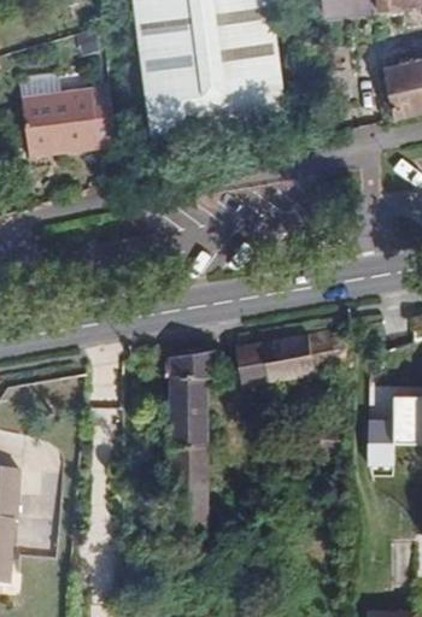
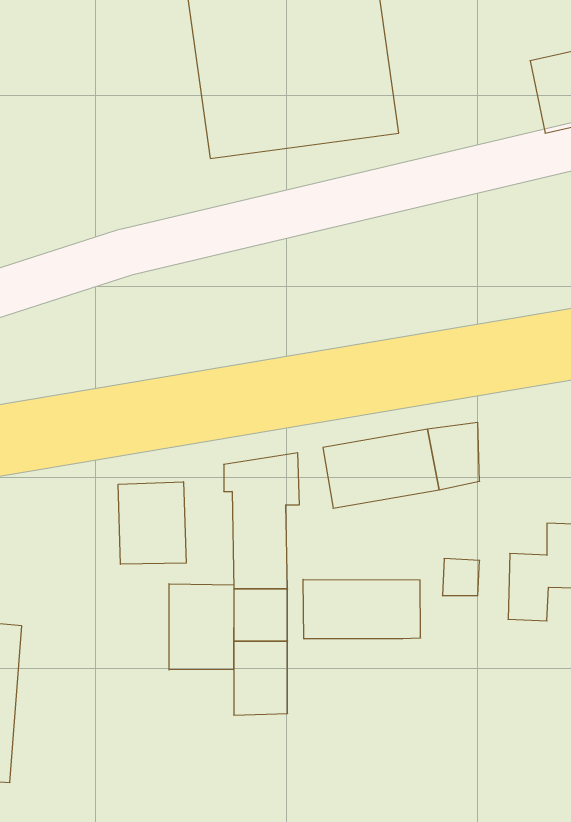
building: [19,83,116,148] -> none
building: none -> [118,482,186,564]
building: none -> [303,579,420,639]
building: none -> [169,584,234,670]

